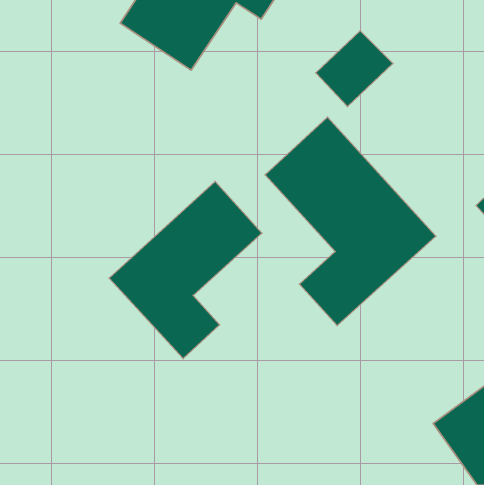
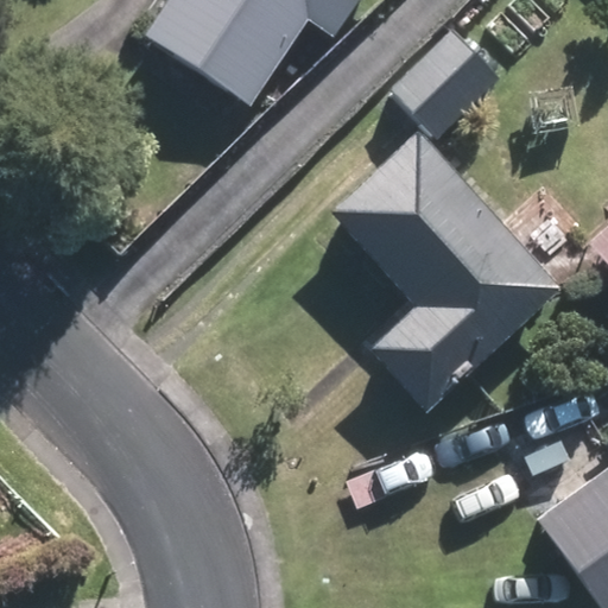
building: [109,181,262,358] -> none

